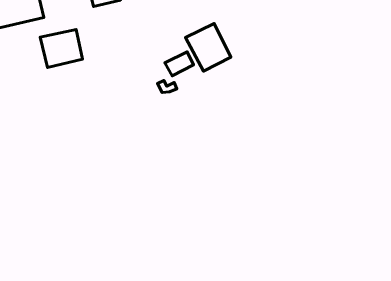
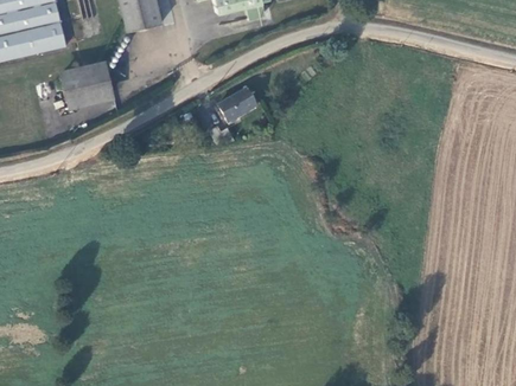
building: [185,23,231,71] -> none

